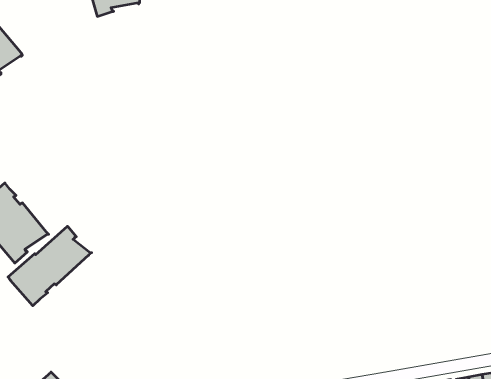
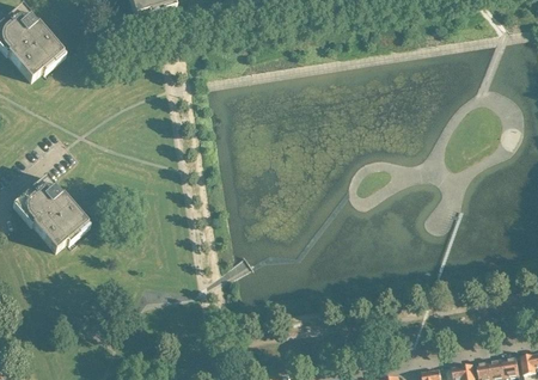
building: [8,226,92,306] -> none

